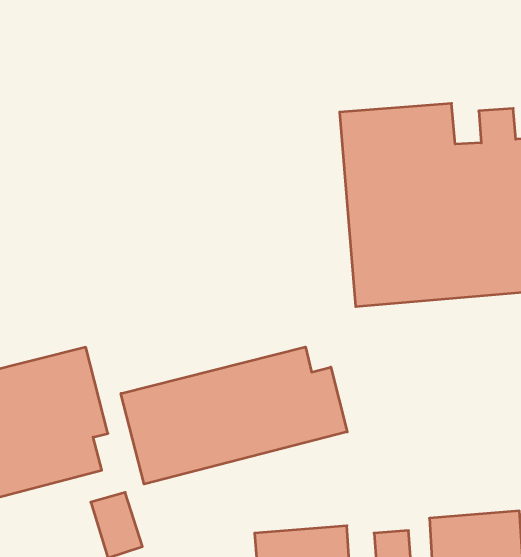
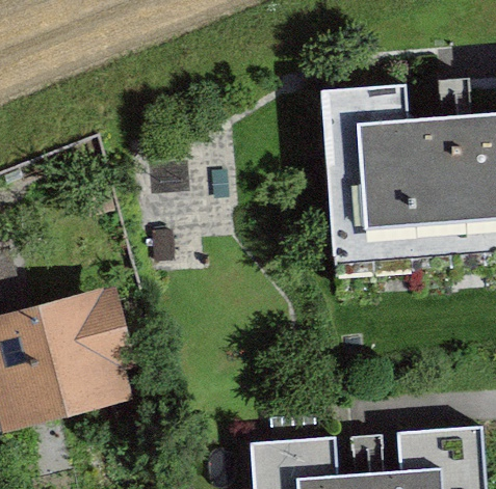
building: [121,347,347,484] -> none

